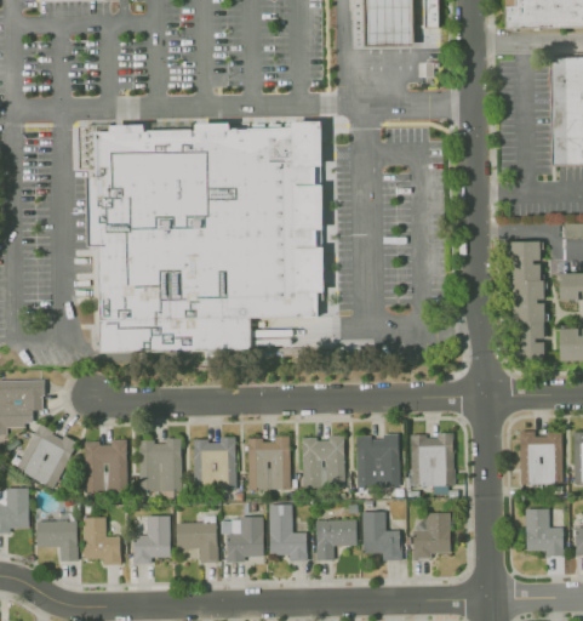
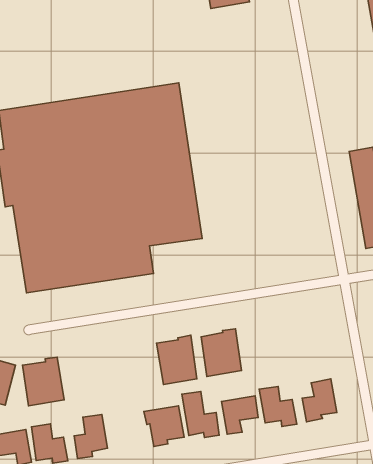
building: [410,432,455,485] -> none
building: [355,433,399,485] -> none
building: [193,435,236,486] -> none
building: [138,437,182,490] -> none
building: [177,522,217,562] -> none

